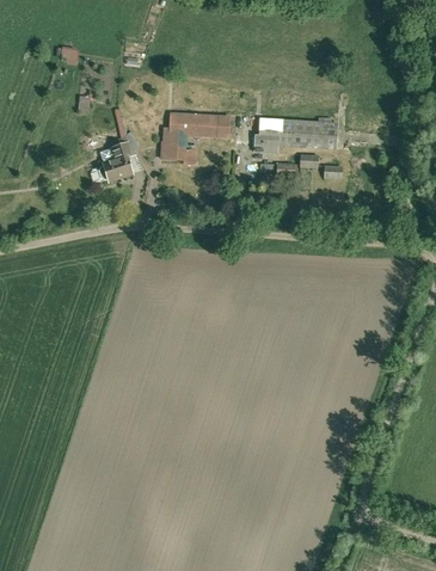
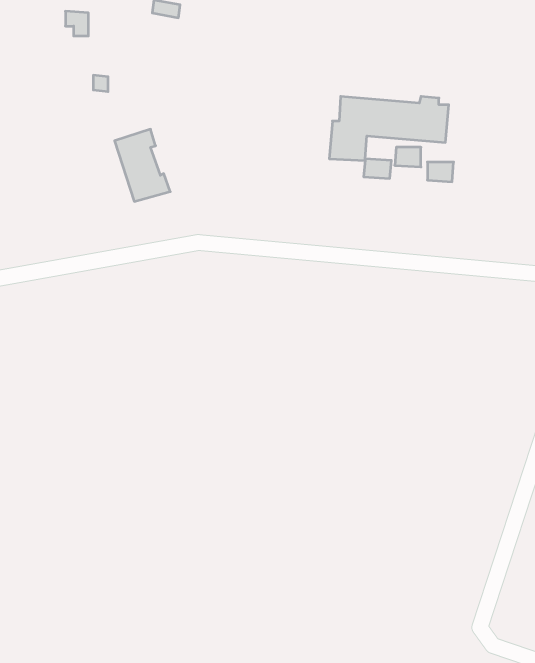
building: [160,112,231,167] -> none

